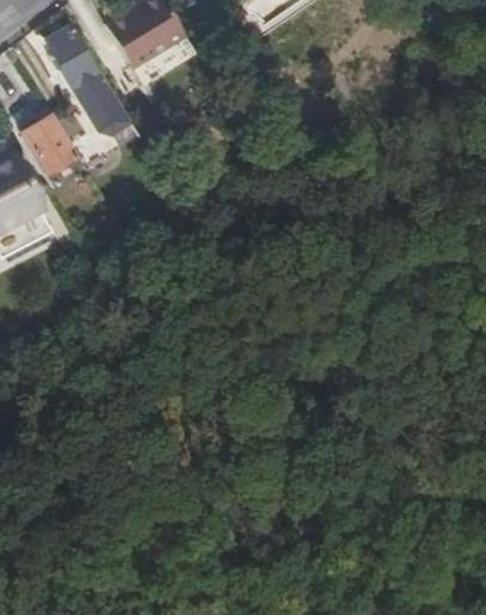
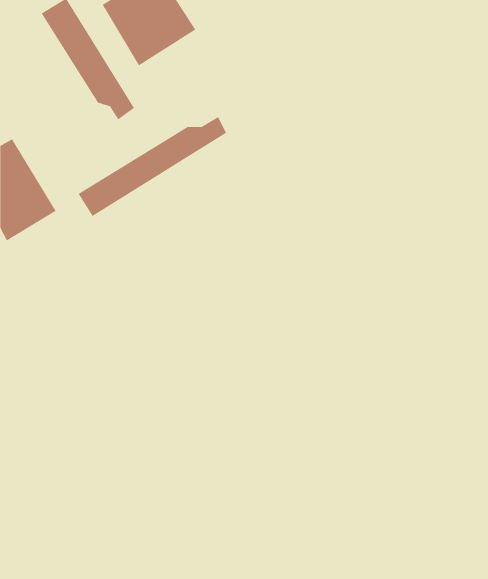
building: [20,112,77,172] -> none
building: none -> [78,116,227,217]

